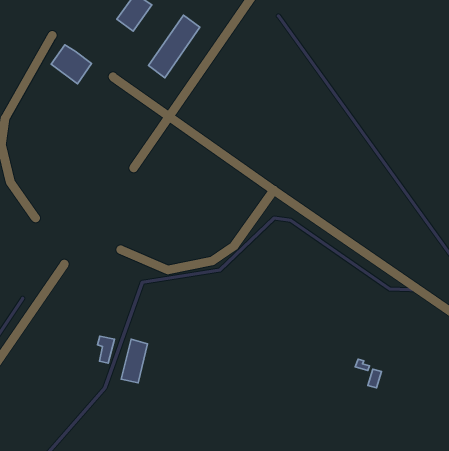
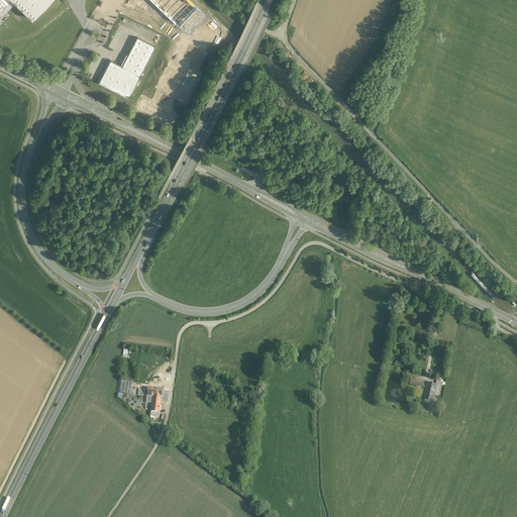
building: [51,45,91,84] -> [98,60,138,97]
building: [121,339,148,383] -> none

